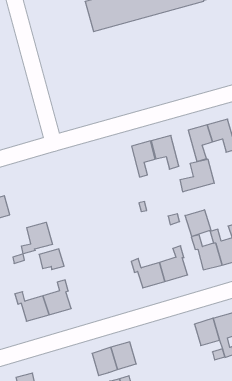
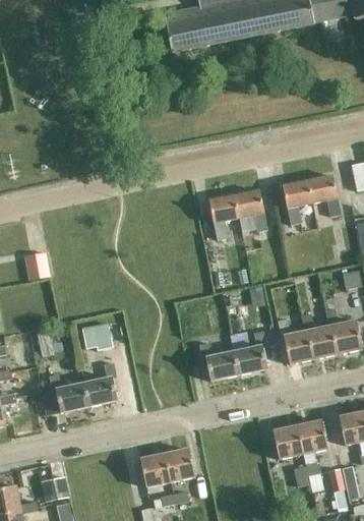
building: [180,159,214,192] -> none
building: [185,210,211,237] -> none
building: [22,222,52,254] -> none

